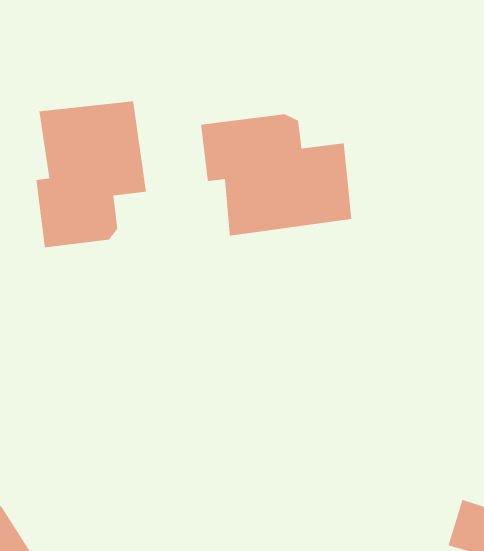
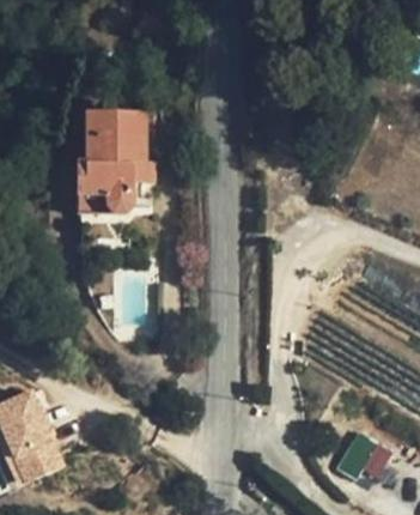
building: [200,114,352,236] -> none

